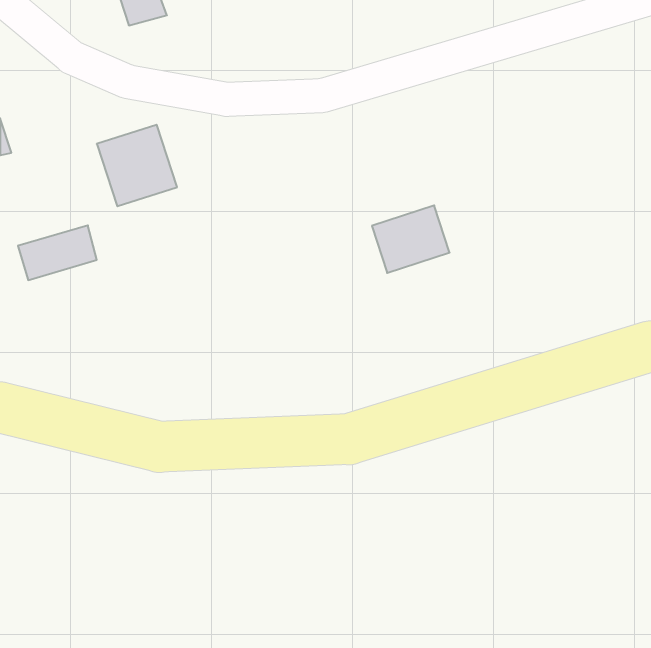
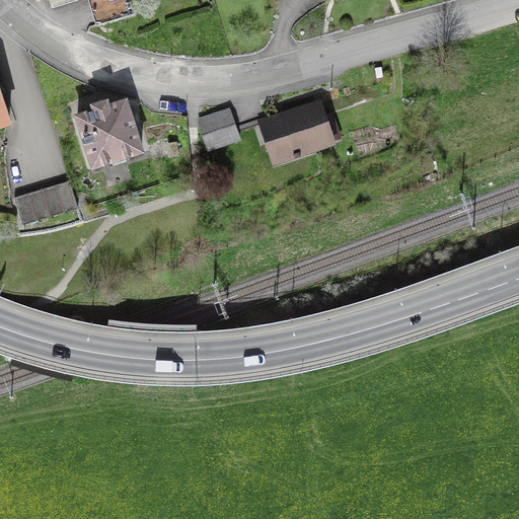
building: none -> [199,109,237,146]
building: [372,205,450,273] -> [267,103,328,157]

